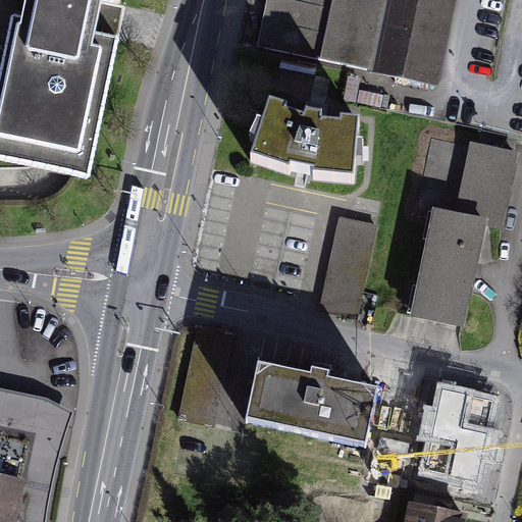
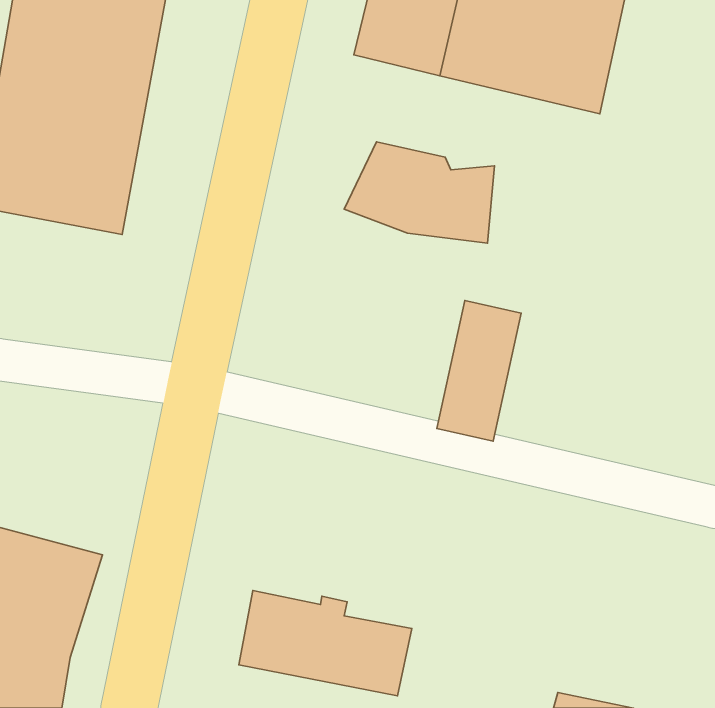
building: [405,145,515,323] -> none
building: [250,368,375,445] -> [239,591,412,696]
building: [418,398,491,477] -> none

